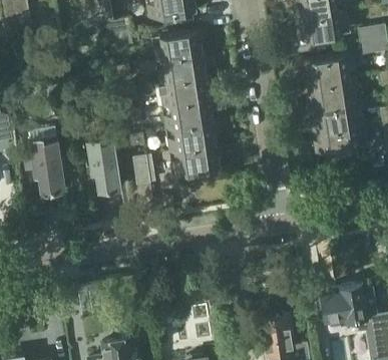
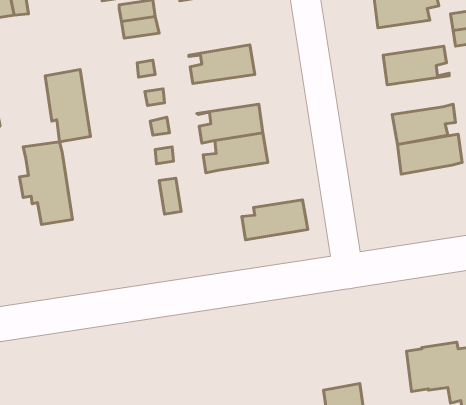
building: [152,33,203,63] -> none
building: [158,78,210,108] -> none
building: [309,79,359,109] -> none
building: [86,137,121,194] -> [45,69,91,142]
building: [169,146,221,177] -> [242,200,308,240]

